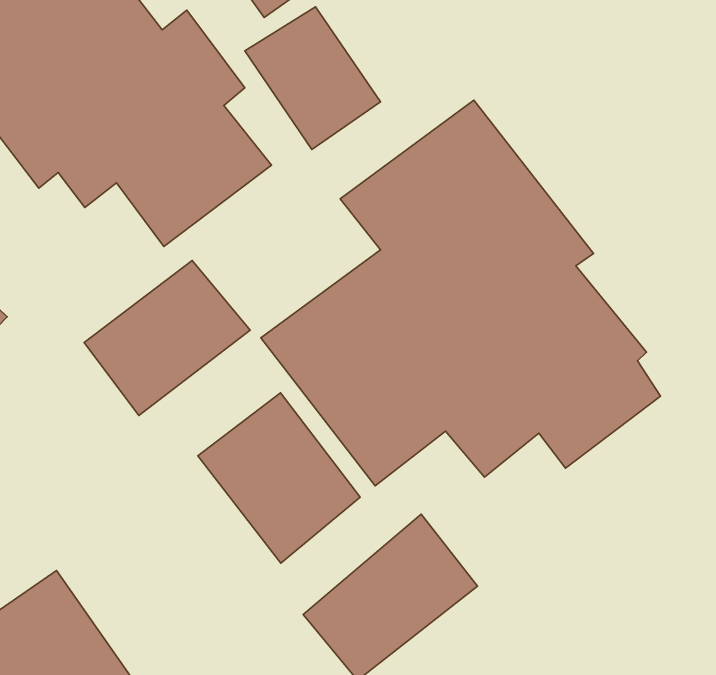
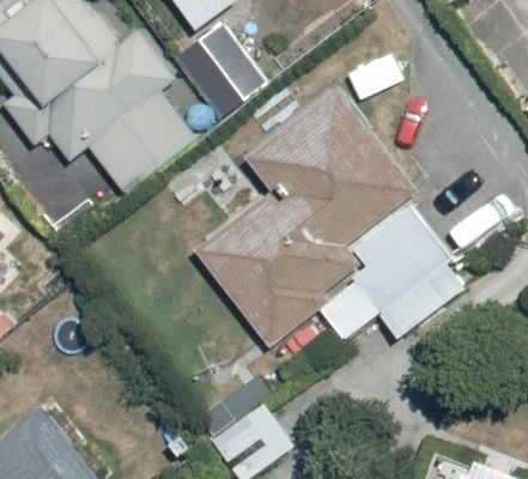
building: [84,261,250,415] -> none
building: [198,393,360,563] -> none

